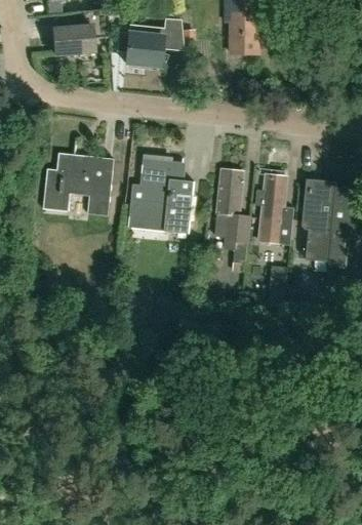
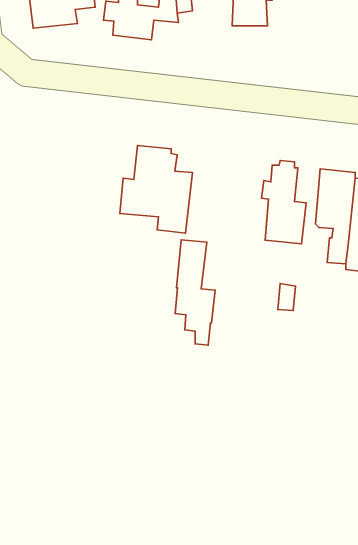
building: [41,153,113,215] -> none
building: [215,170,250,262] -> [175,240,215,345]

